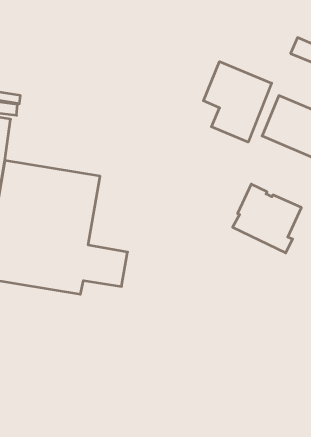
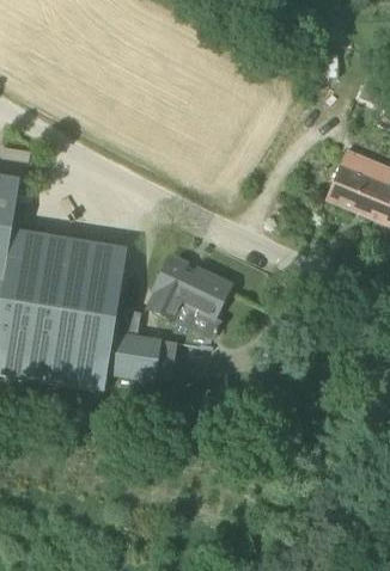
building: [203,62,272,142] -> none
building: [233,184,301,253] -> [147,254,231,338]

